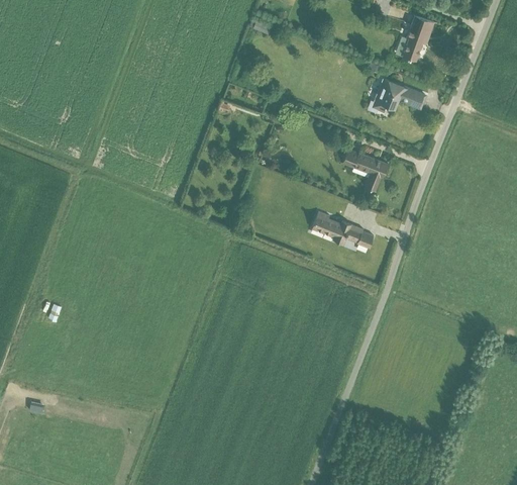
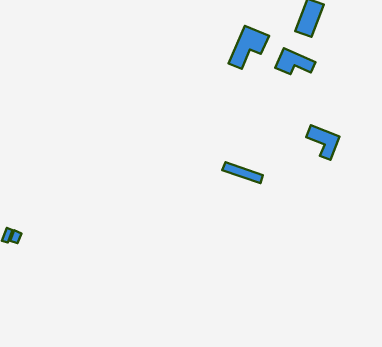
building: none -> [229,26,269,69]
building: [343,148,385,191] -> [306,125,339,160]

